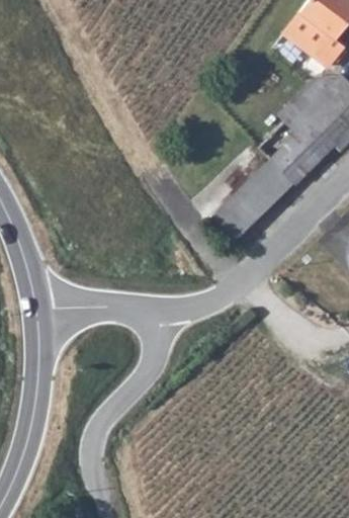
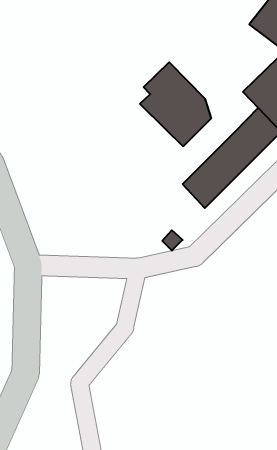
building: none -> [140,62,211,146]

